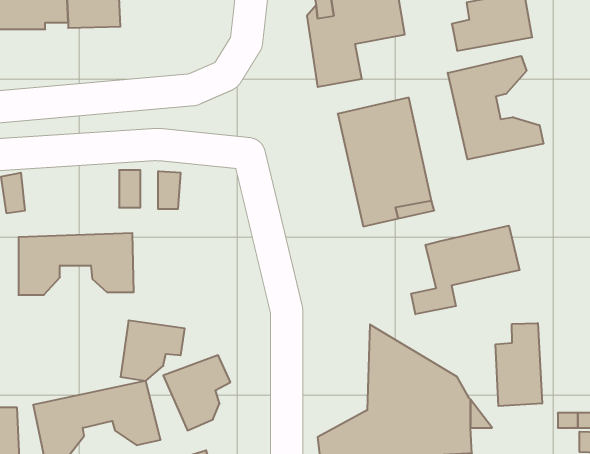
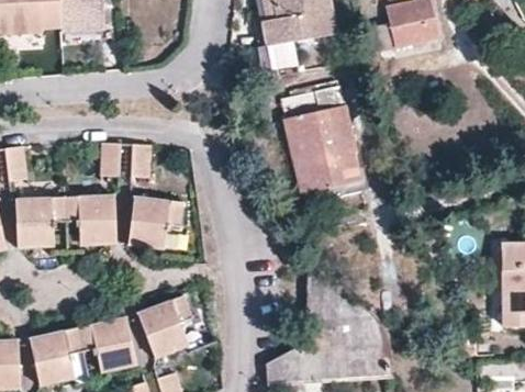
building: [448,56,543,159] -> none
building: [411,226,520,314] -> none
building: [120,320,185,381] -> [130,198,182,247]
building: [496,323,542,406] -> none

